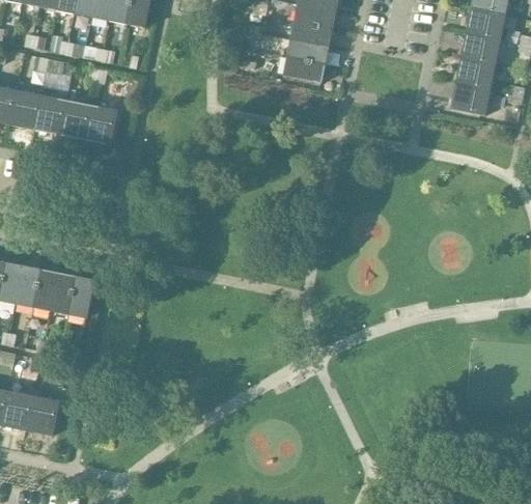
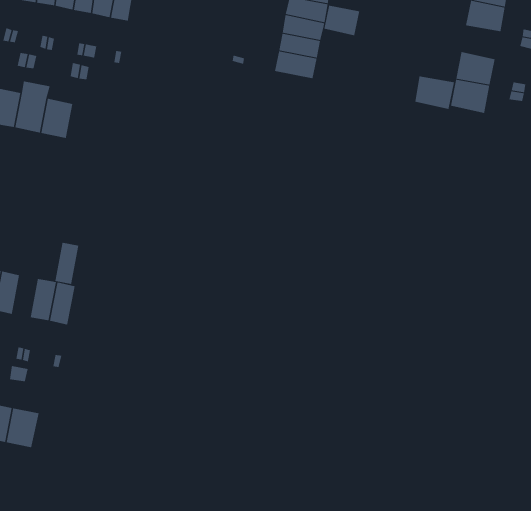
building: none -> [324,5,360,36]
building: [462,31,500,63] -> [415,76,455,109]
building: [85,106,116,144] -> none
building: [33,270,57,310] -> [54,242,79,285]

